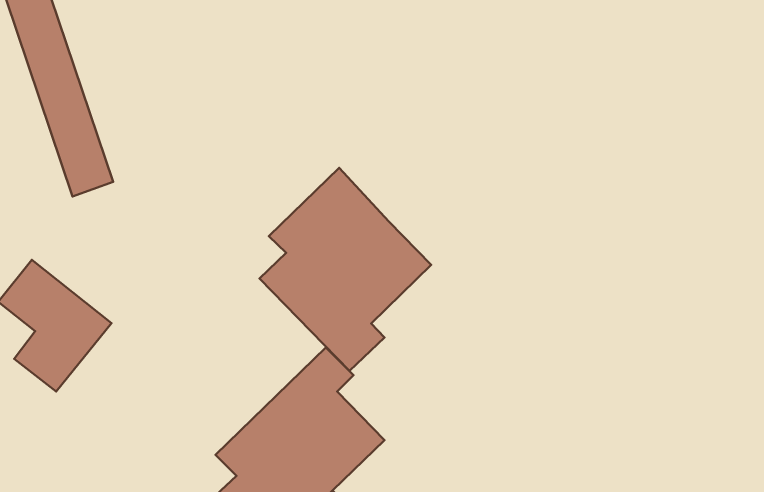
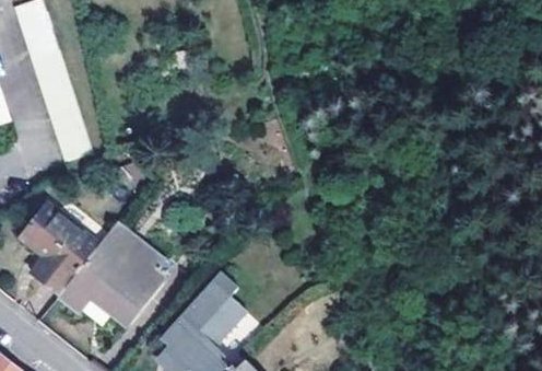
building: [259,168,431,371] -> none
building: none -> [56,221,172,323]

